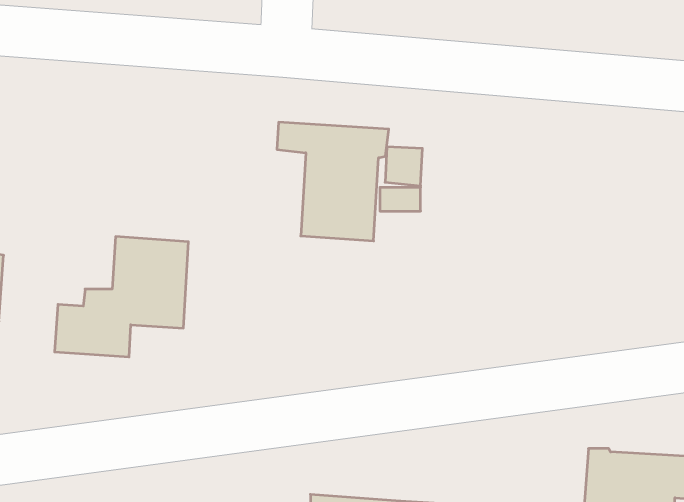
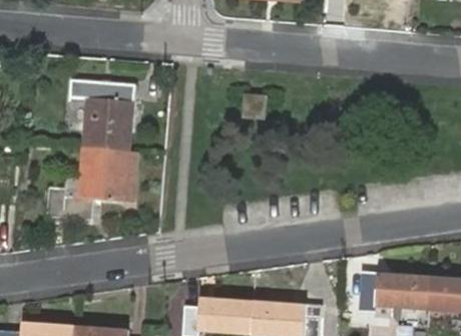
building: [277,122,389,241] -> [70,79,136,149]

